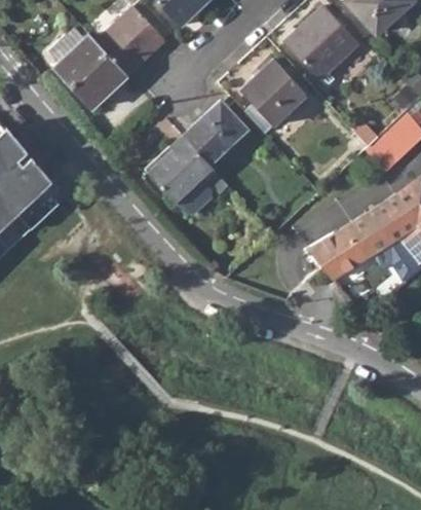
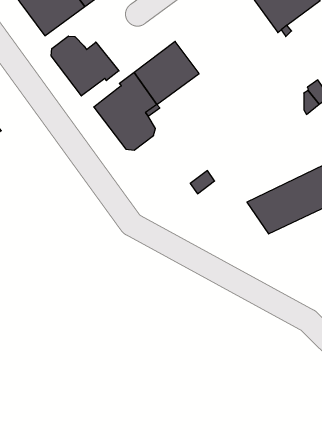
building: [239,60,306,134] -> none
building: none -> [51,36,119,96]

